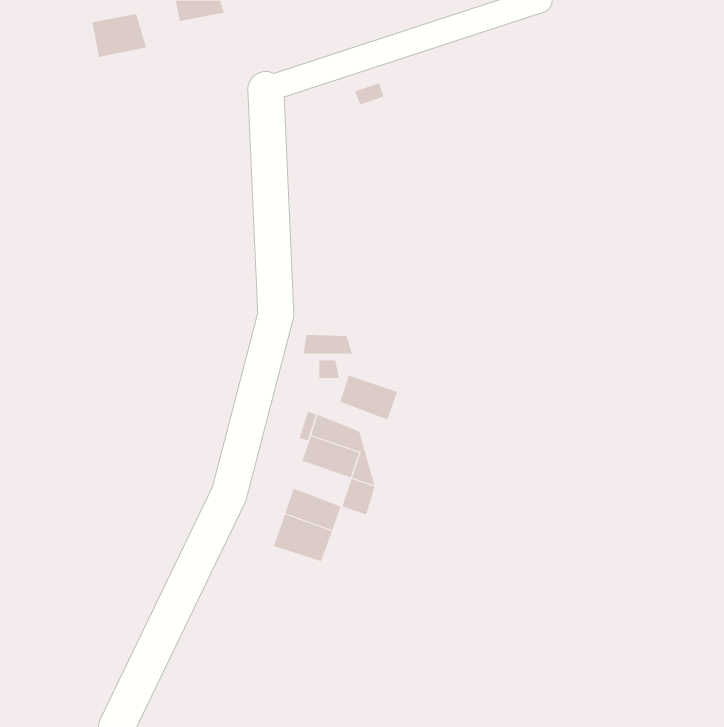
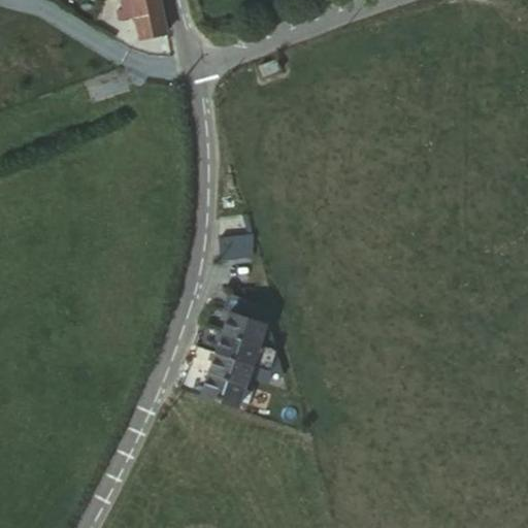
building: [91,14,147,58] -> [130,9,170,41]
building: [340,375,398,420] -> [212,334,255,367]

